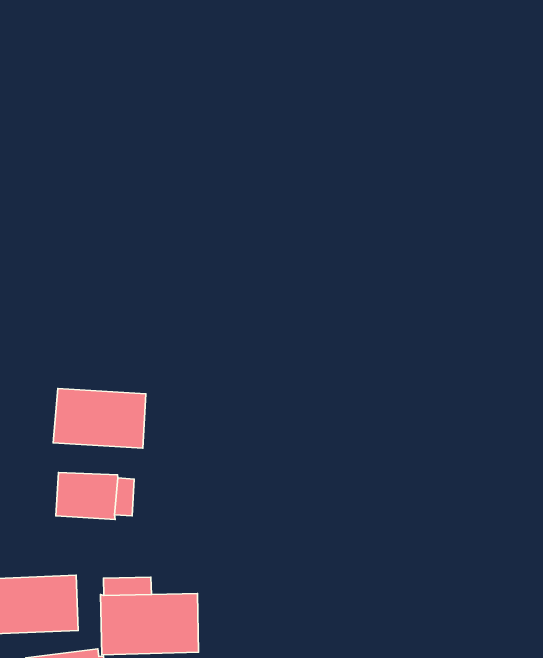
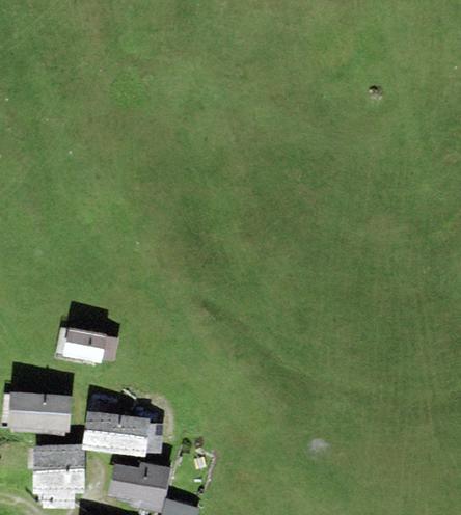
building: [53,389,146,448] -> none

